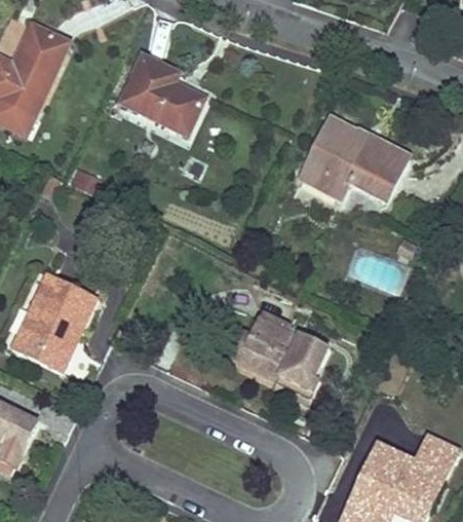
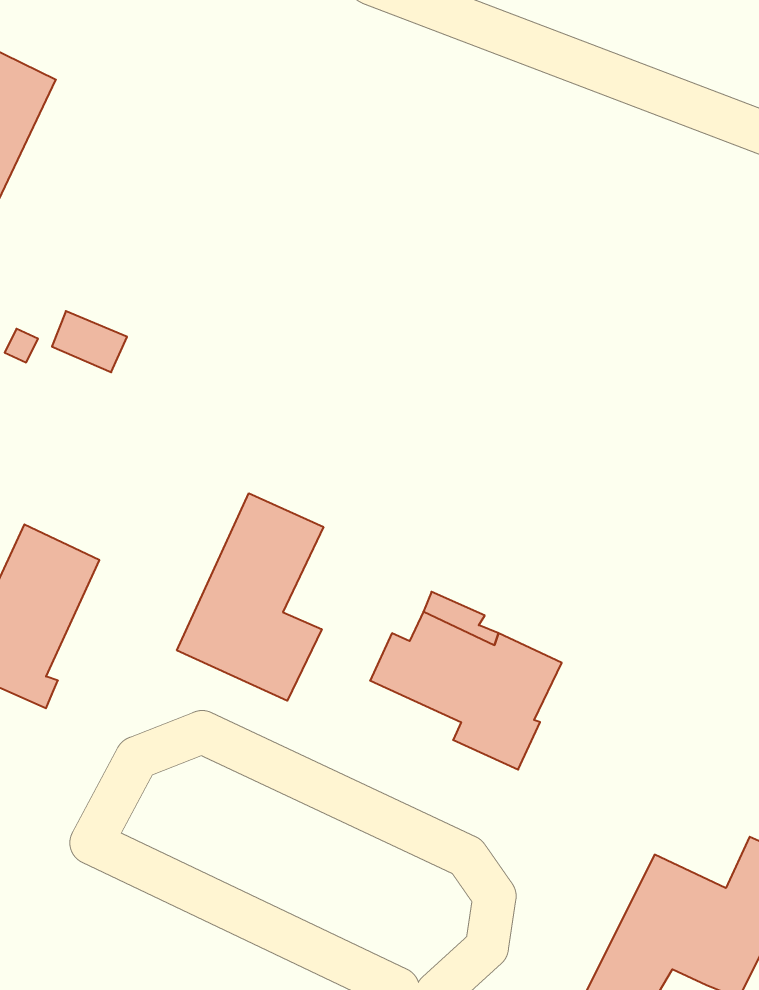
building: [120,54,203,132] -> none
building: [302,117,409,198] -> none
building: none -> [177,493,323,701]

